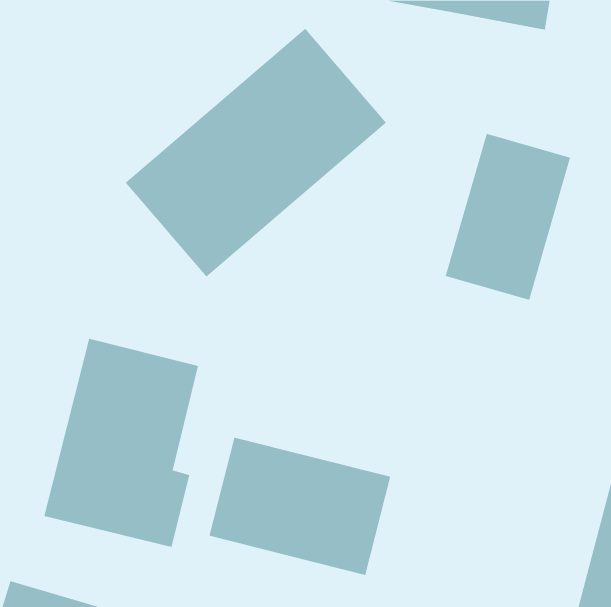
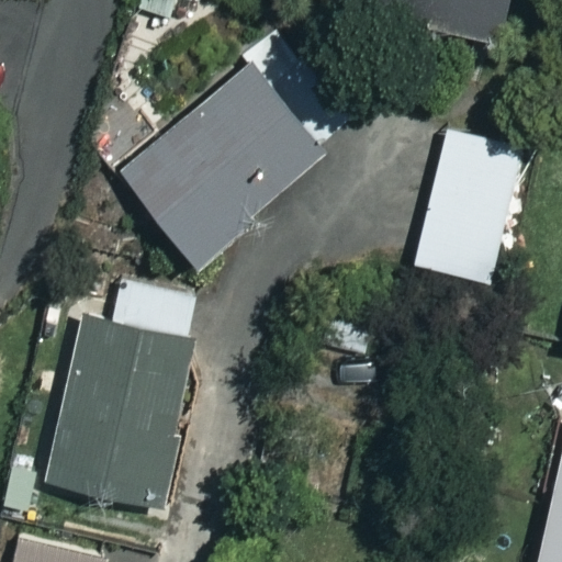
building: [209,437,391,576] -> none

